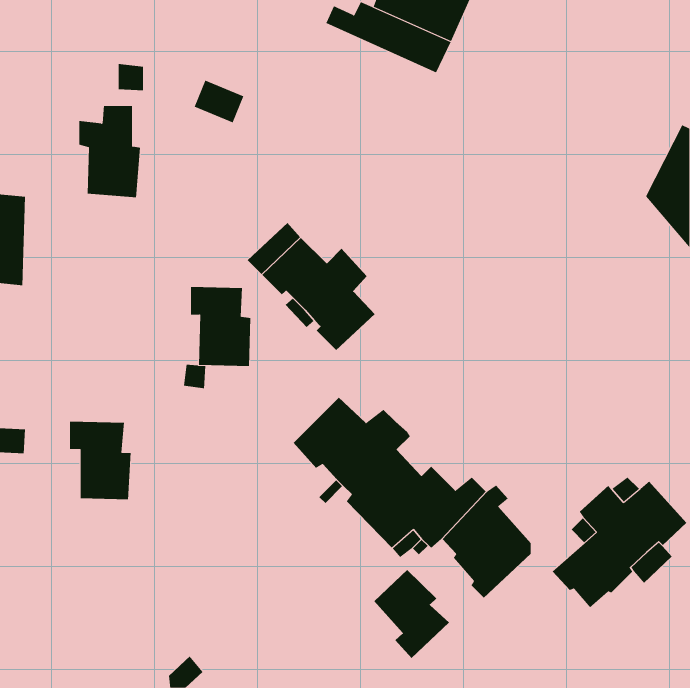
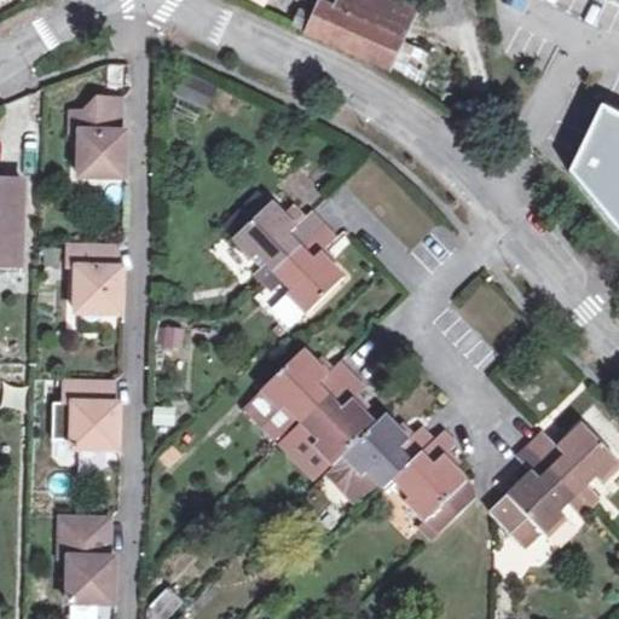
building: [190,287,251,366] -> [66,241,121,312]
building: [374,569,450,659] -> none
building: none -> [58,513,111,601]

